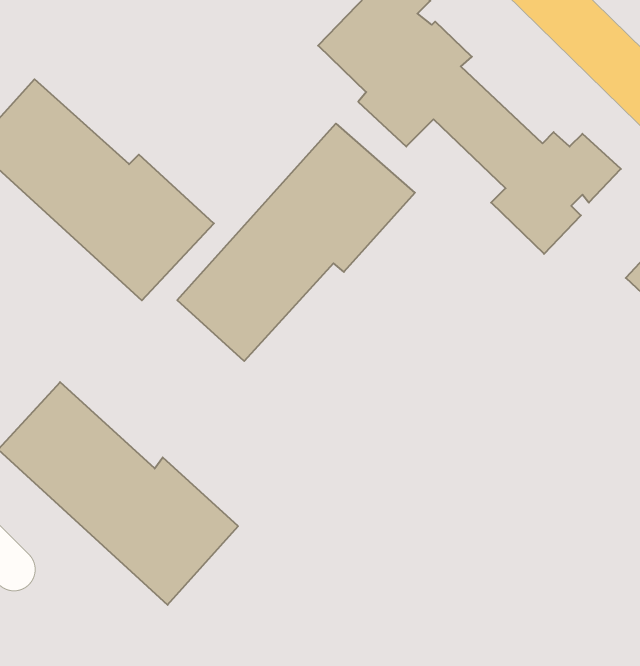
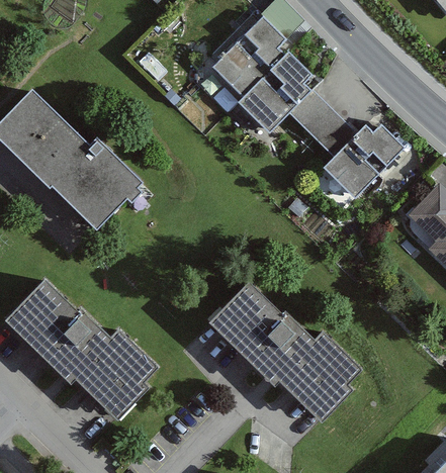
building: [177,124,415,361] -> none
building: none -> [209,282,361,422]

